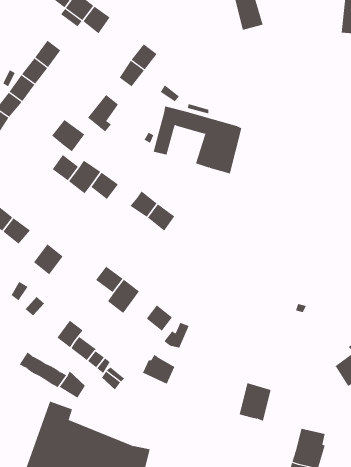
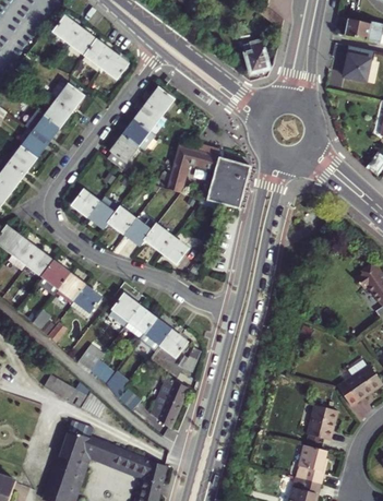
building: [51,119,85,152] -> [123,119,155,150]
building: none -> [124,218,156,244]
building: none -> [39,261,69,290]
building: none -> [70,285,100,315]
building: none -> [140,318,170,350]
building: none -> [149,393,180,427]
building: [239,383,272,421] -> [307,404,337,440]

